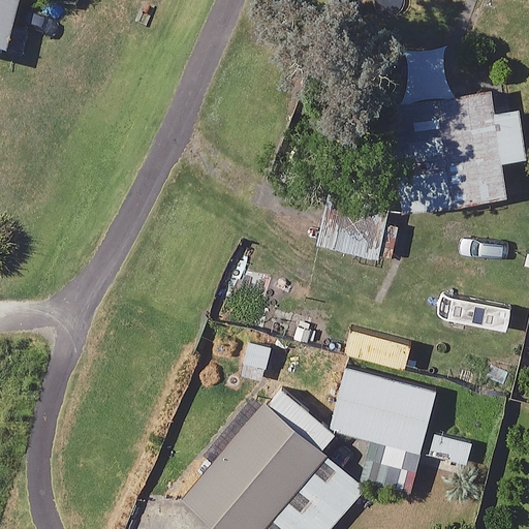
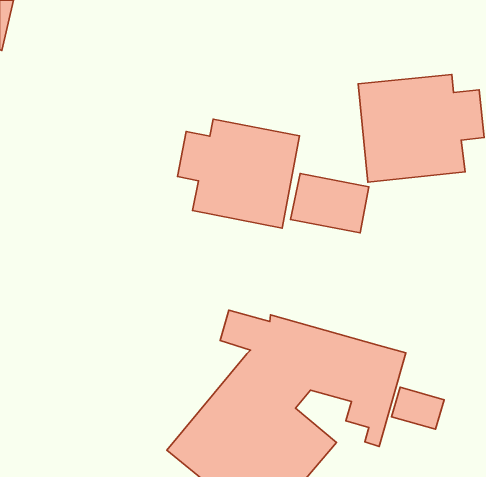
building: none -> [178,119,299,228]

